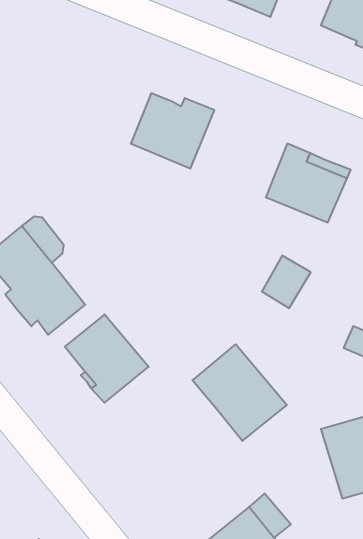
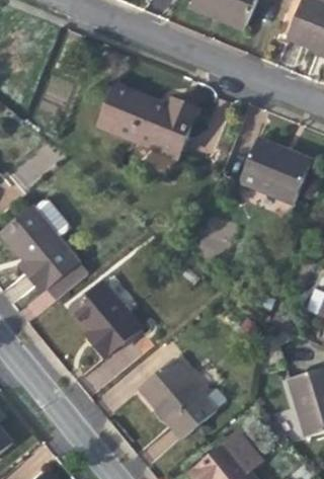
building: none -> [99,84,143,137]
building: [262,256,311,308] -> [193,213,235,257]
building: [192,344,287,441] -> [137,358,217,441]

